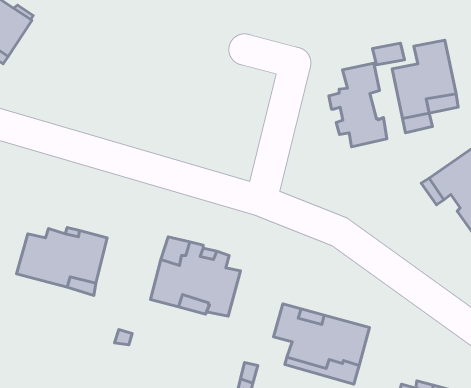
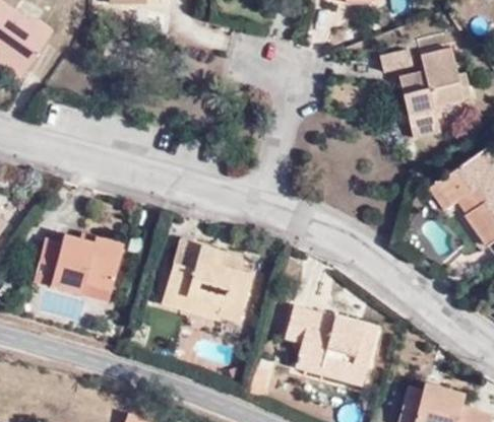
building: [329,63,387,147] -> none

